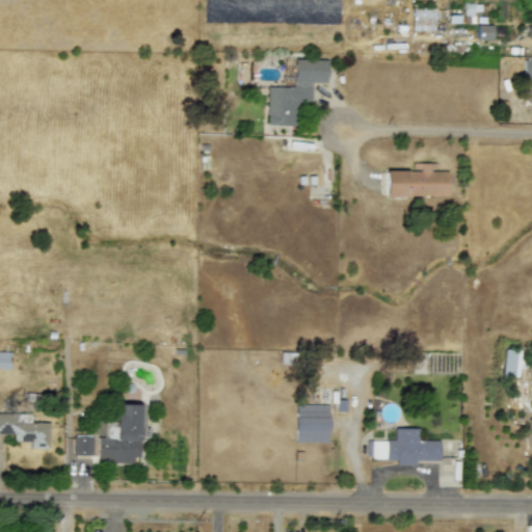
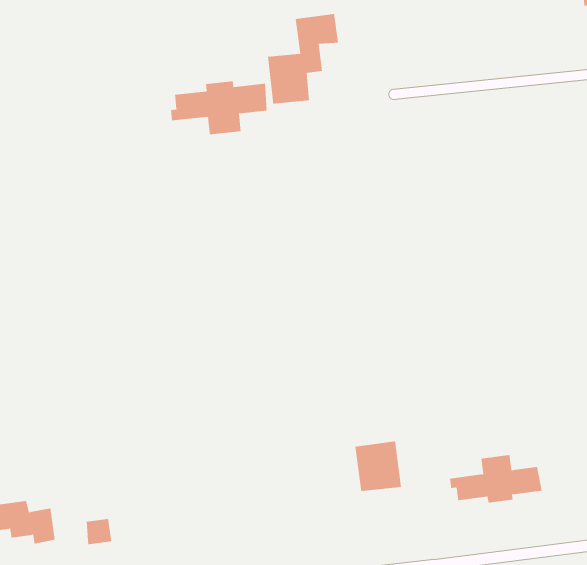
building: none -> [170,80,267,135]
building: [389,163,452,196] -> none
building: [102,404,143,463] -> none

